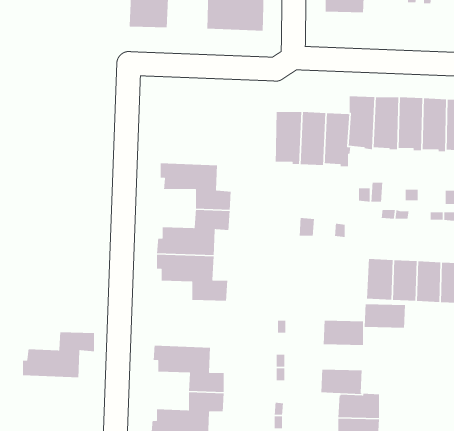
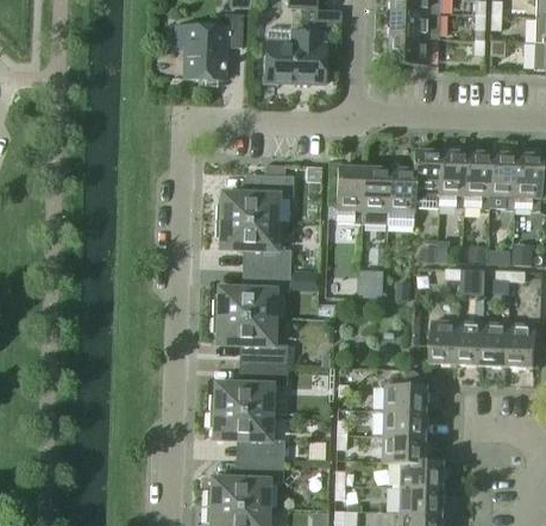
building: none -> [216,164,294,221]
building: [364,303,406,329] -> [385,409,429,436]
building: [22,332,95,378] -> [211,363,287,412]

